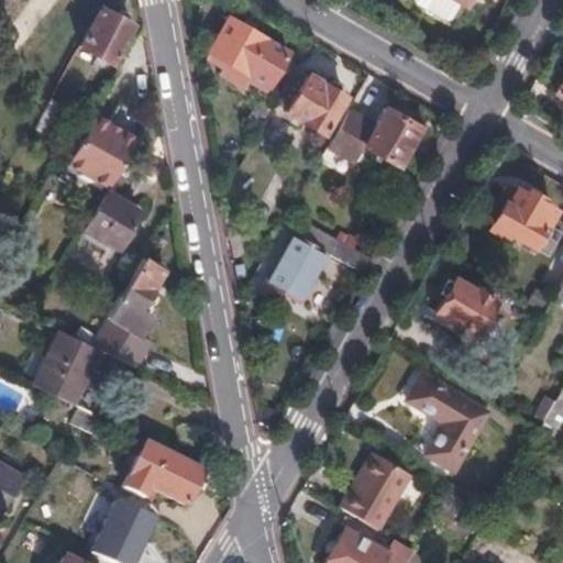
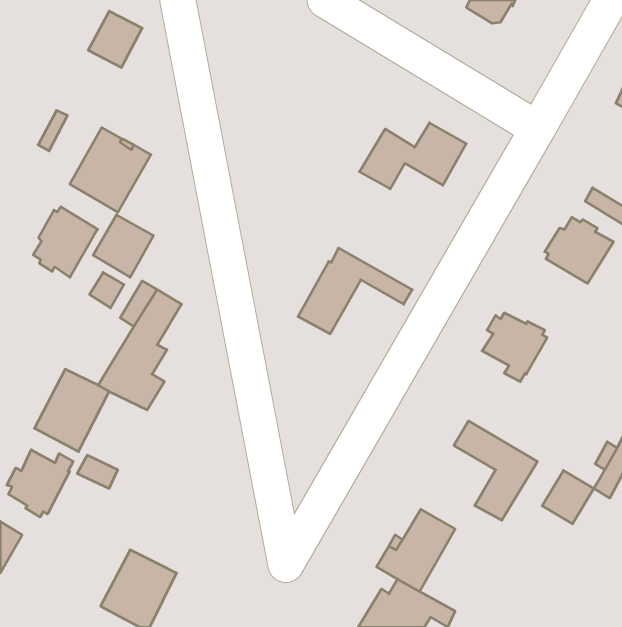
building: [213,18,292,98] -> none
building: [278,71,347,134] -> none
building: none -> [33,207,98,277]
building: none -> [7,450,73,517]
building: none -> [542,470,594,524]
building: [121,440,209,508] -> none

